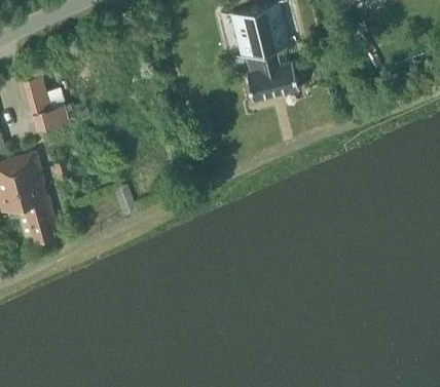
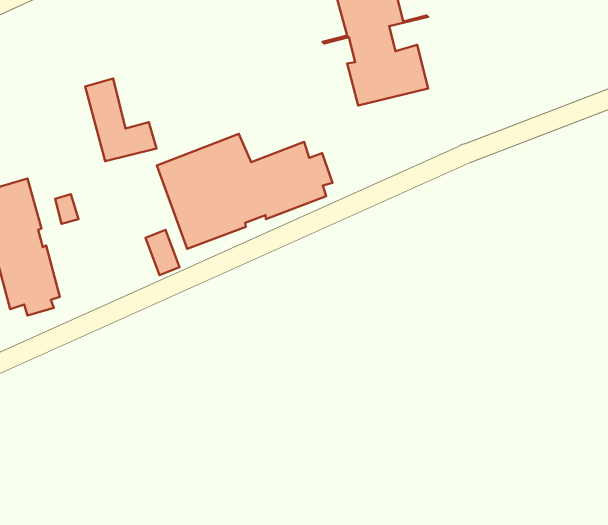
building: [24,75,71,129] -> [85,79,157,161]
building: none -> [157,134,333,249]

